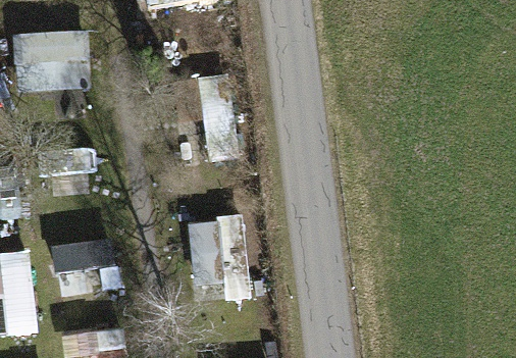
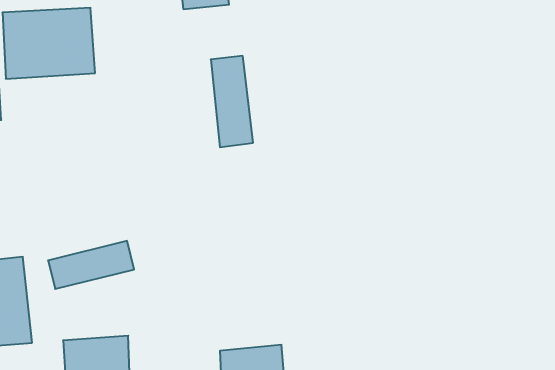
building: [187,214,250,302] -> none

